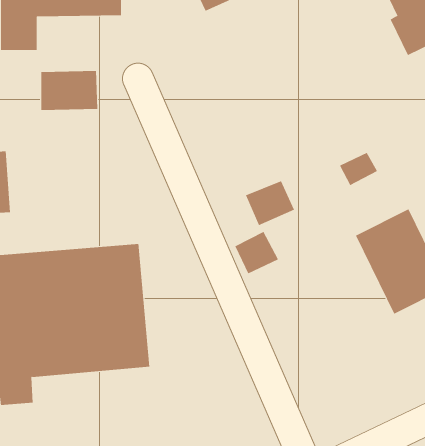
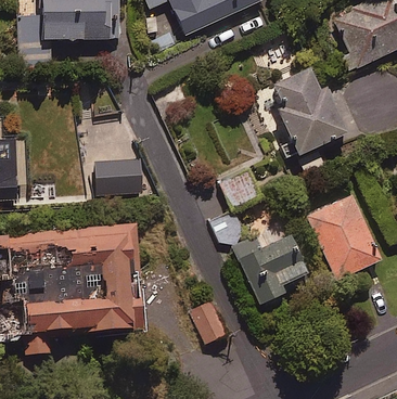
building: none -> [267,64,348,160]
building: [40,70,98,111] -> [95,163,142,195]
building: none -> [234,233,308,304]
building: none -> [189,301,227,346]

